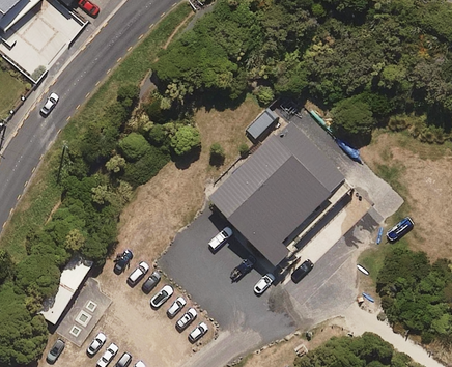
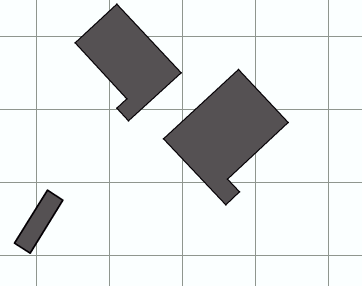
building: none -> [75,4,181,121]

